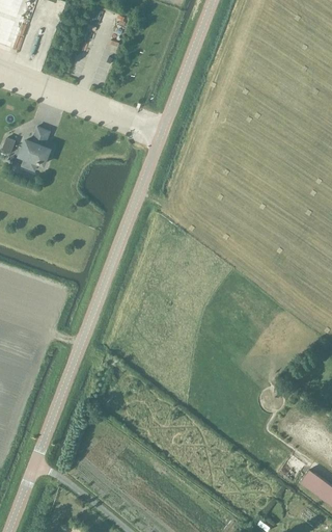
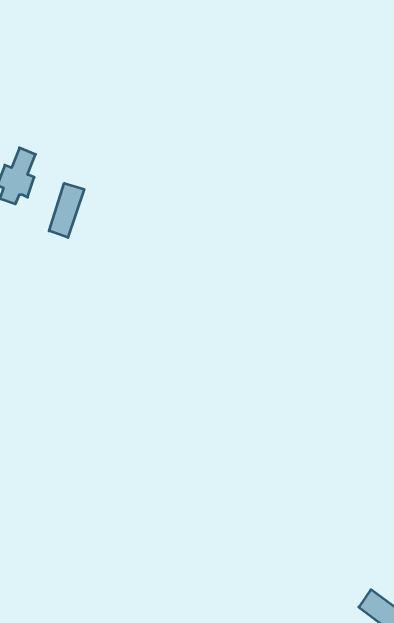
building: none -> [49,183,84,238]

